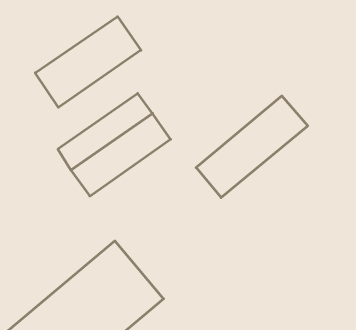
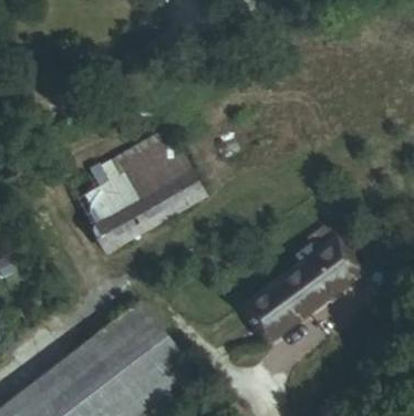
building: [35,17,141,107] -> none
building: [196,96,308,198] -> [251,230,375,343]

